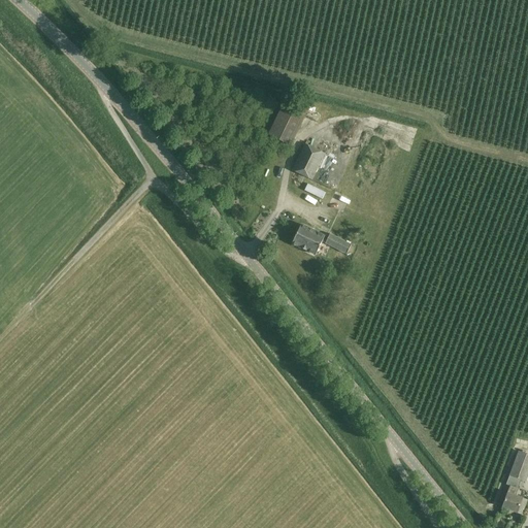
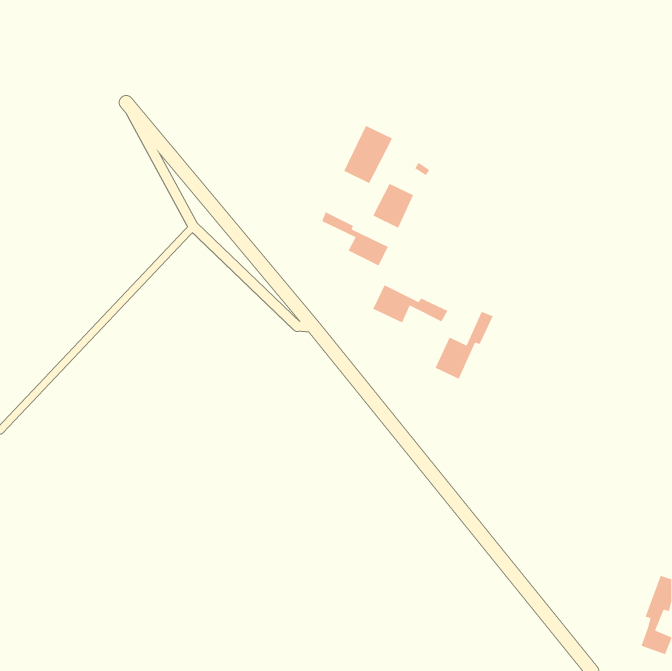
building: none -> [321,211,389,267]
building: none -> [434,311,494,380]

